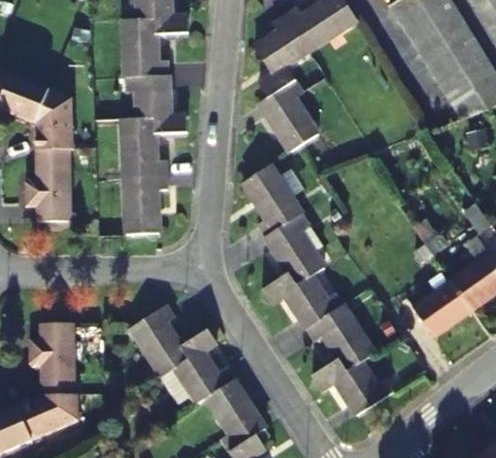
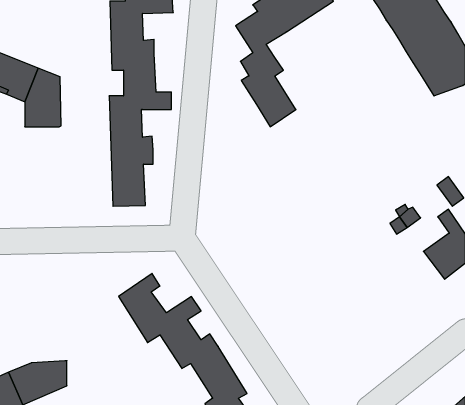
building: [24,151,71,223] -> none
building: [242,165,392,415] -> none
building: [413,281,472,337] -> none
building: [30,324,76,397] -> none

